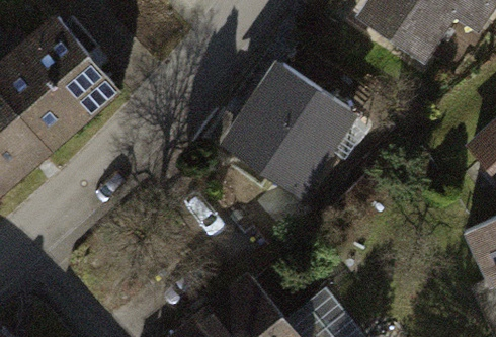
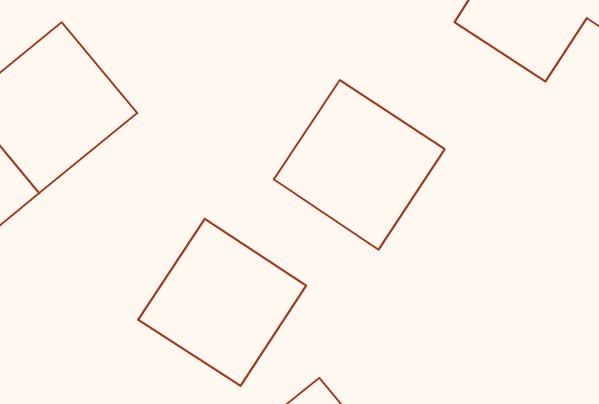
building: none -> [138,219,306,386]

